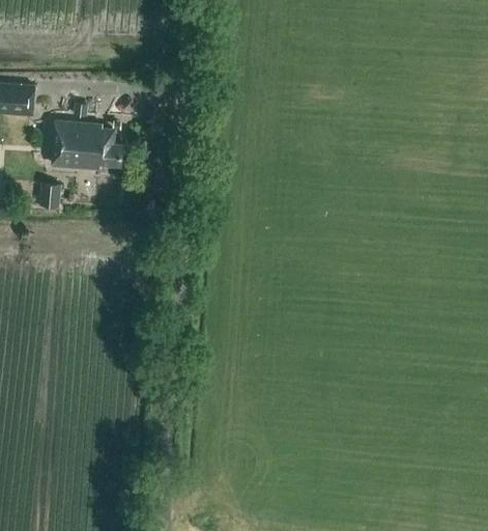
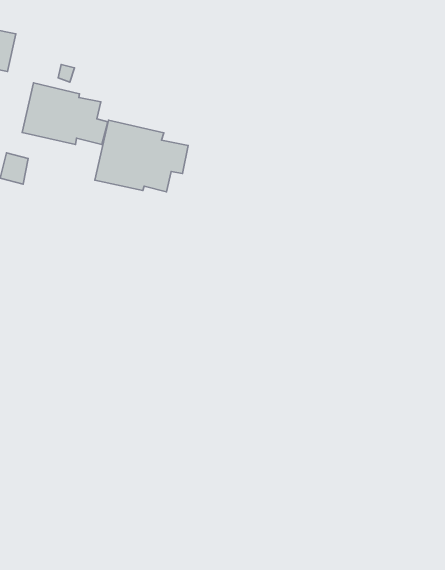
building: none -> [95,120,188,192]

